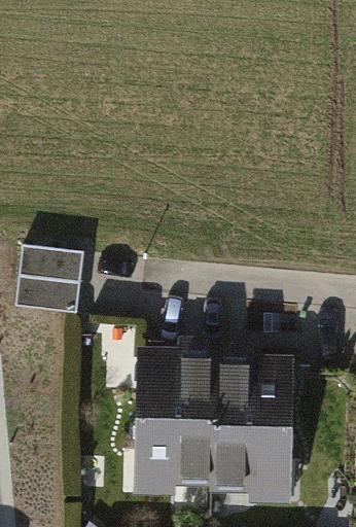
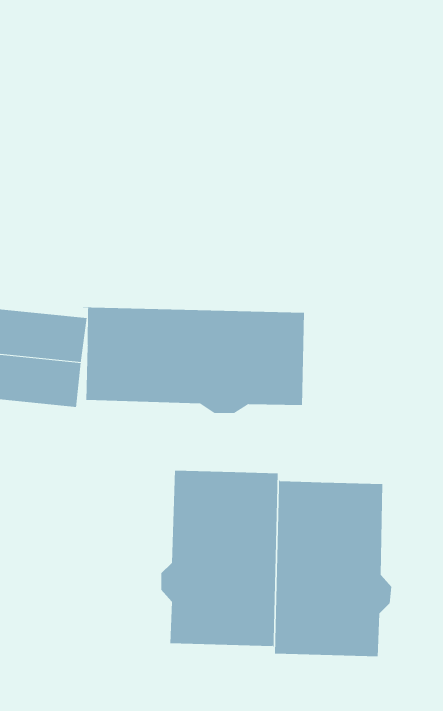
building: none -> [78,307,304,414]

